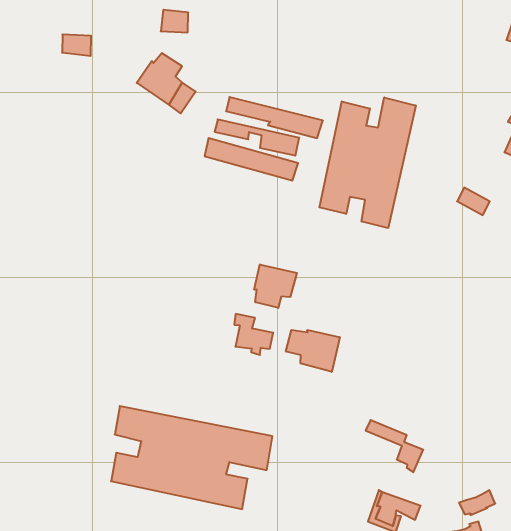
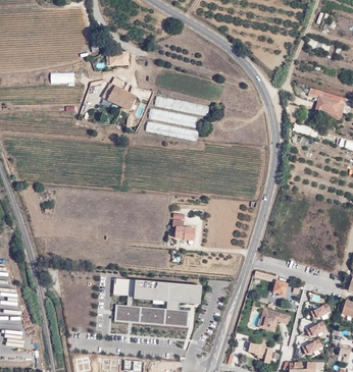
building: [319,97,416,228] -> none
building: [254,264,297,308] -> none
building: [286,330,340,372] -> none

